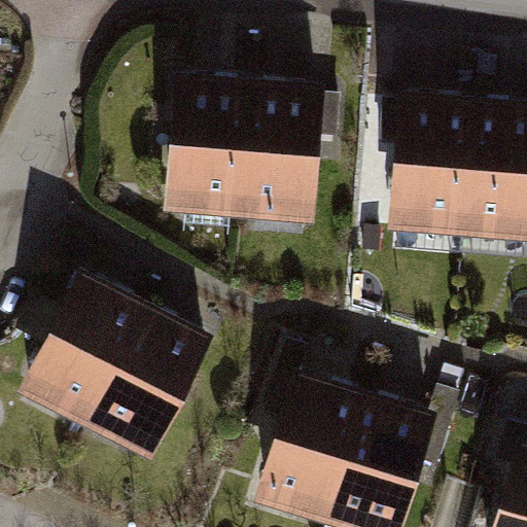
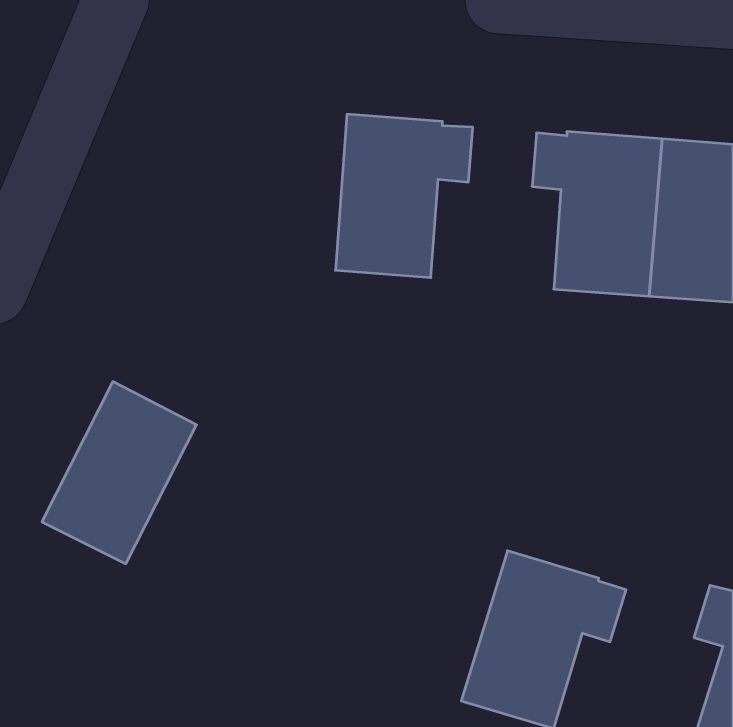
building: [171,84,247,230] -> none
building: [90,311,201,441] -> none
building: [264,377,361,507] -> none

